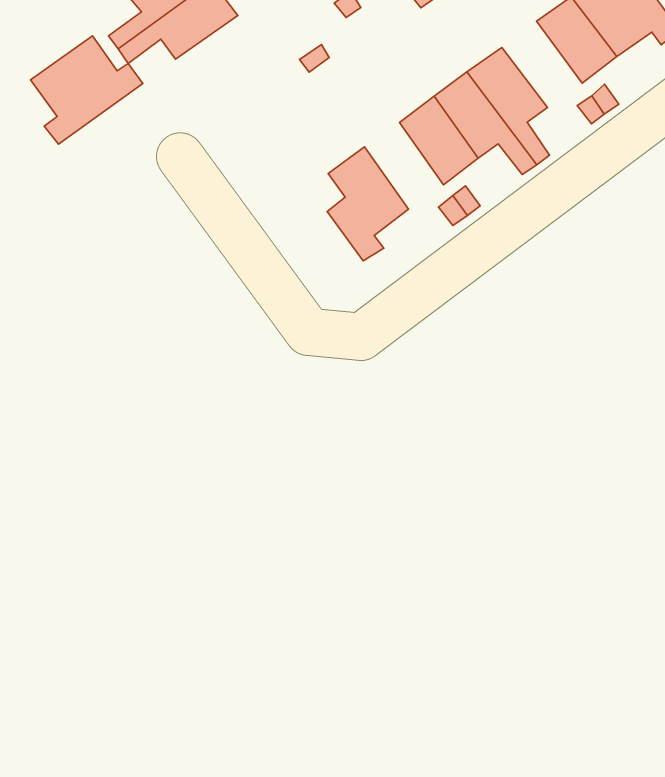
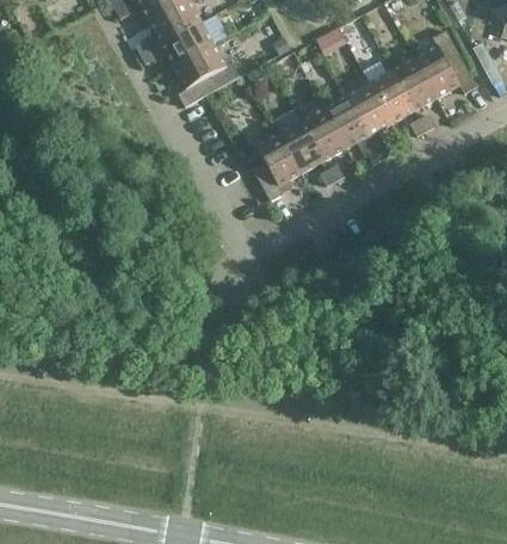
building: none -> [369,69,414,122]
building: [30,36,143,144] -> [173,43,240,105]
building: none -> [279,119,323,172]

